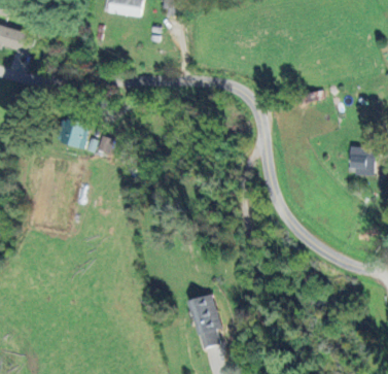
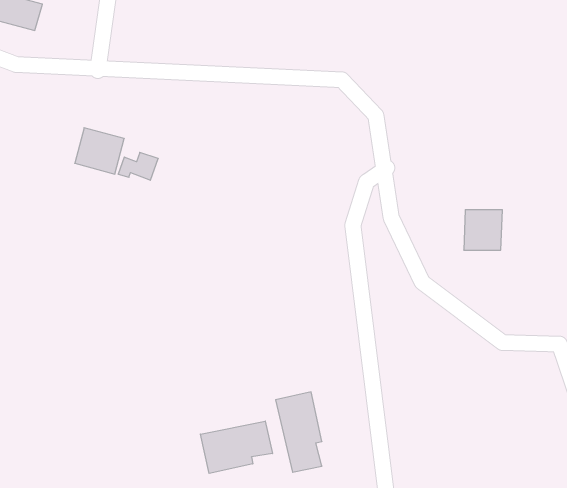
building: [350,147,376,174] -> [464,210,502,250]
building: none -> [200,421,272,473]

